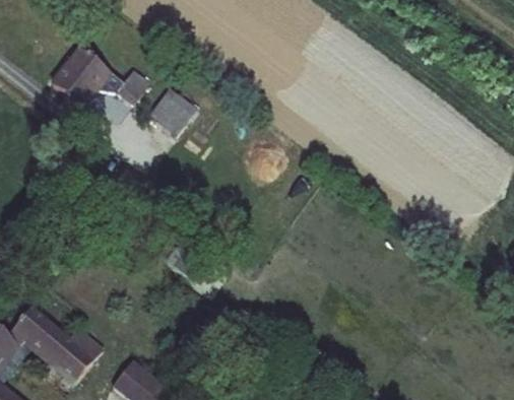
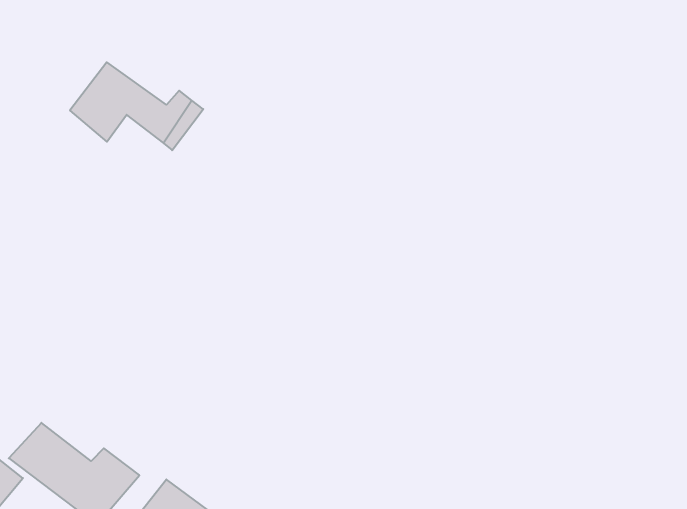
building: [149,91,200,142] -> none

